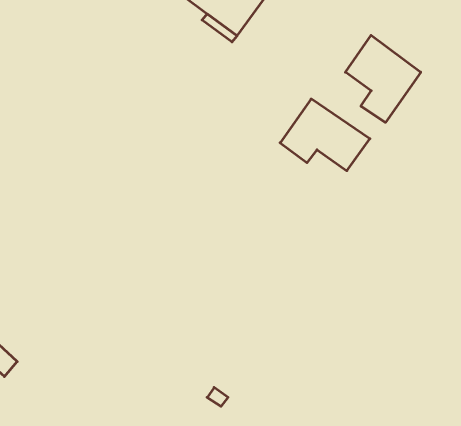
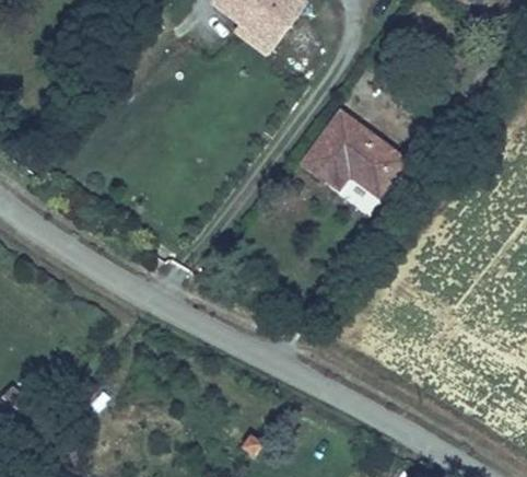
building: [345,35,421,122] -> none

